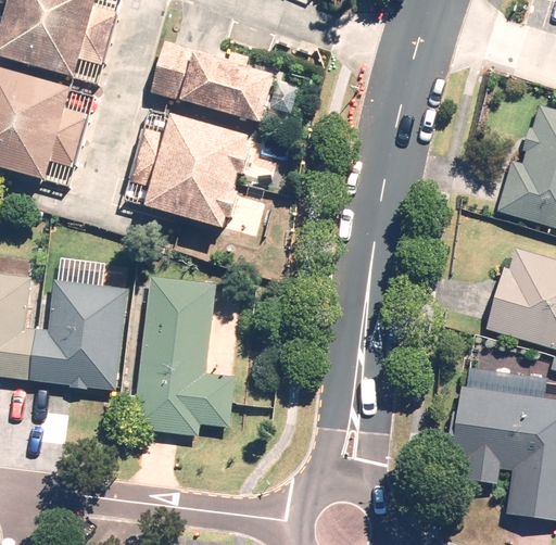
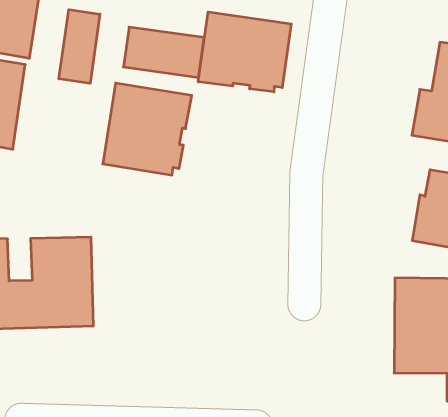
building: none -> [59,10,100,83]
building: none -> [198,12,291,92]
building: [134,275,231,435] -> none

